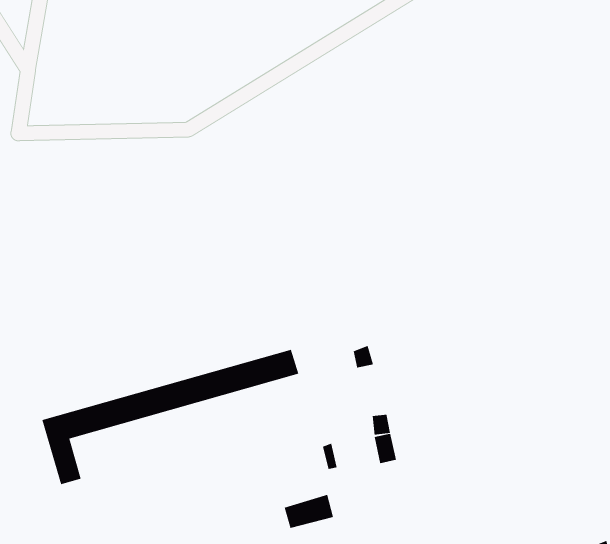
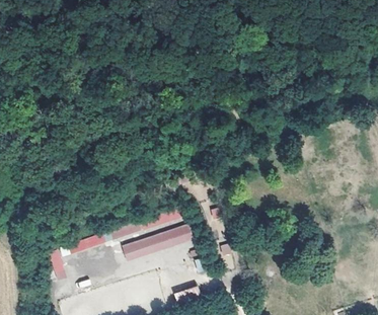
building: none -> [122,225,194,261]

